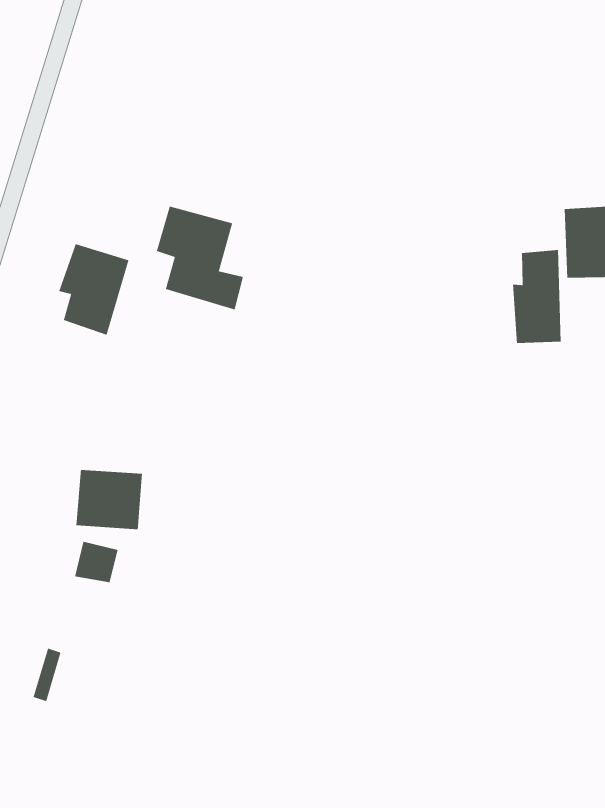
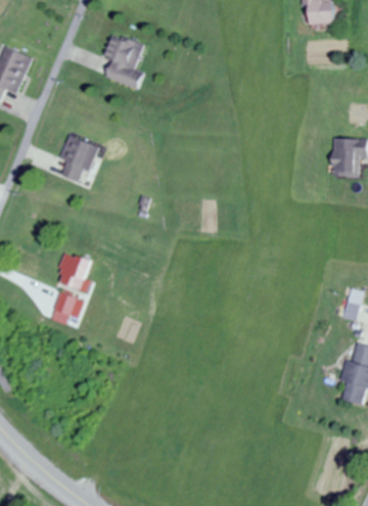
building: [156,205,244,311] -> [102,33,147,91]
building: [512,249,561,344] -> none

